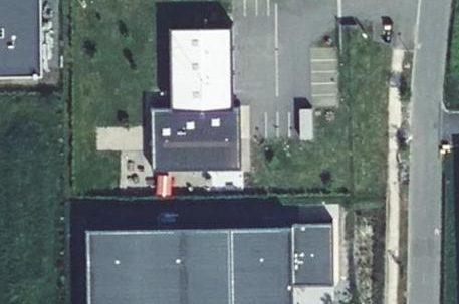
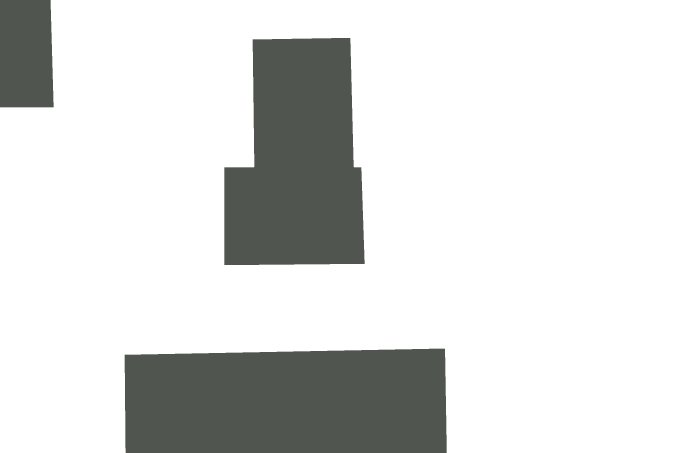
building: [293,227,331,288] -> none

